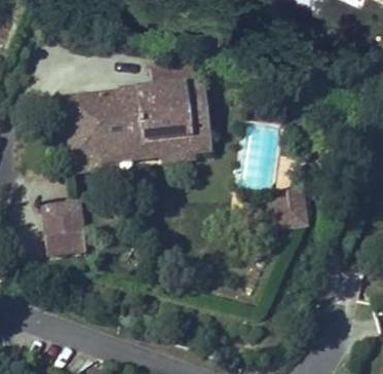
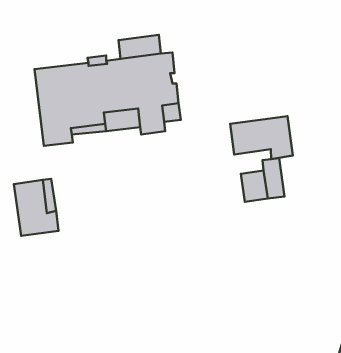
building: none -> [230,116,293,159]

